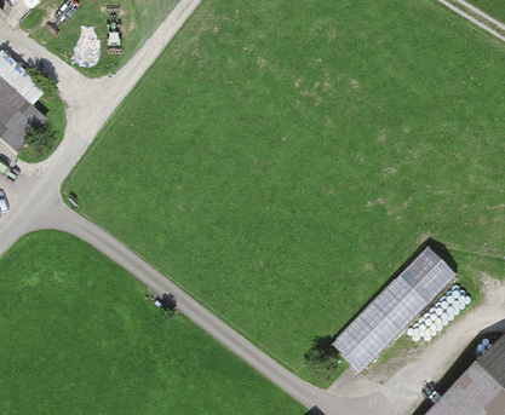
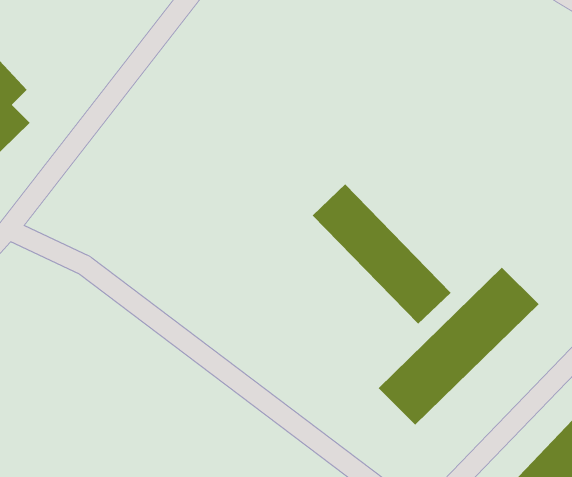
building: none -> [312,184,452,325]

